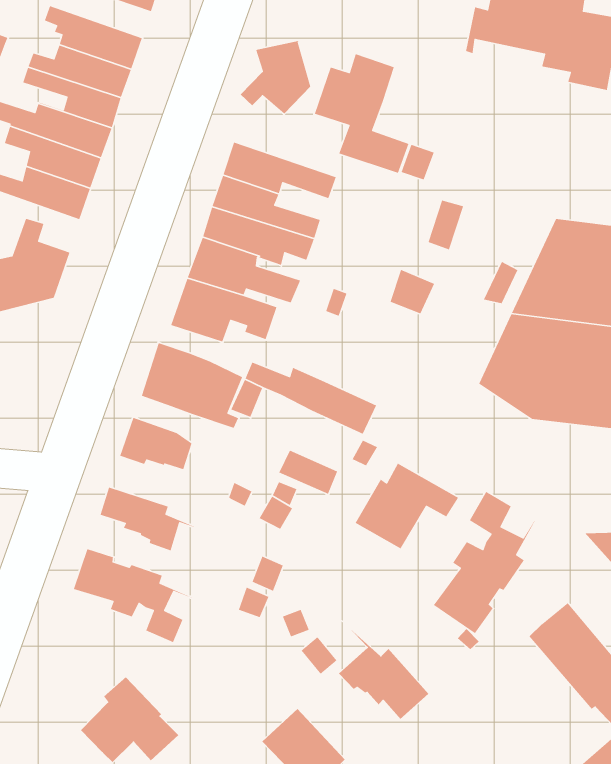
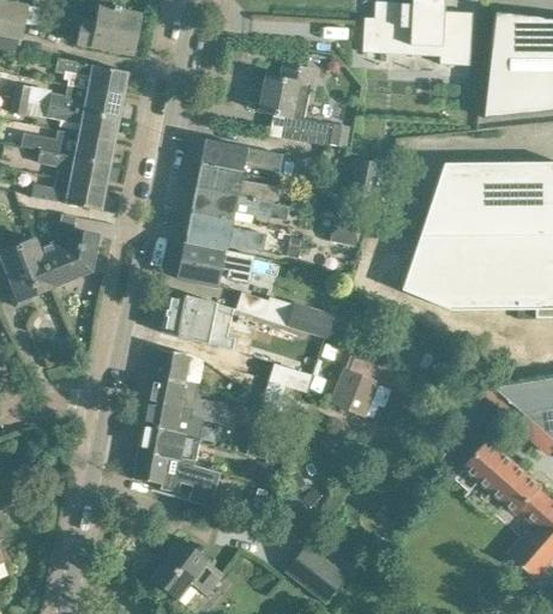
building: [240,40,311,114] -> none
building: none -> [148,378,244,428]
building: [433,491,536,634] -> none
building: none -> [138,422,199,459]
building: [338,619,429,720] -> none

